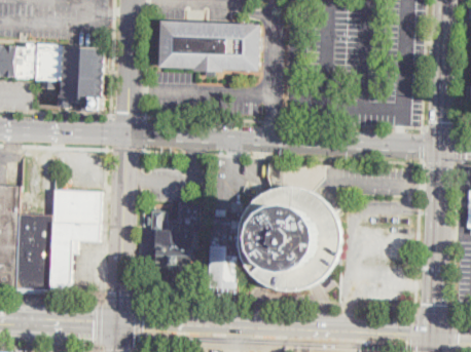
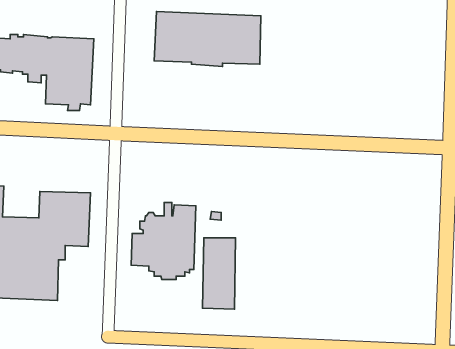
building: [239,188,340,289] -> none

